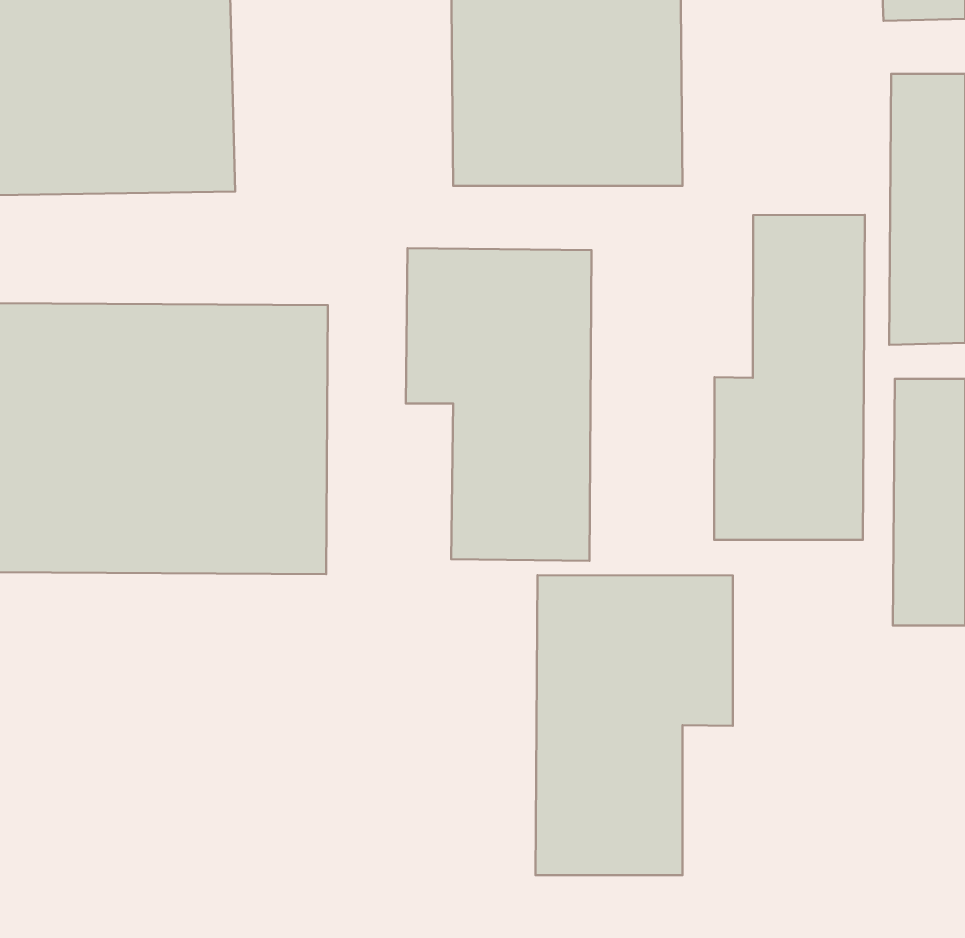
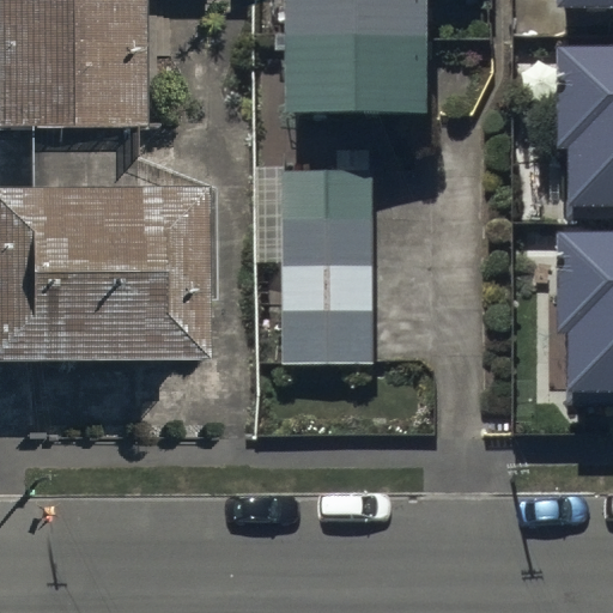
building: [714,215,865,540] -> none
building: [536,575,733,875] -> none

